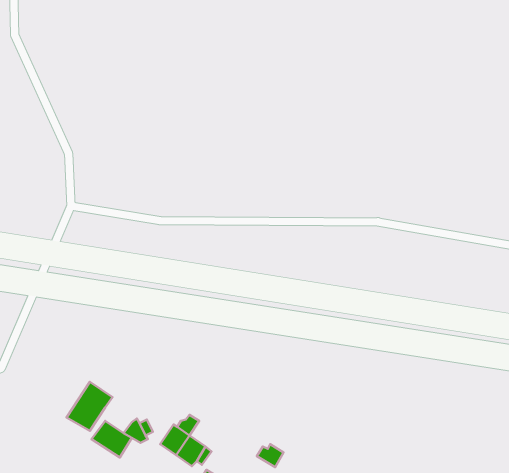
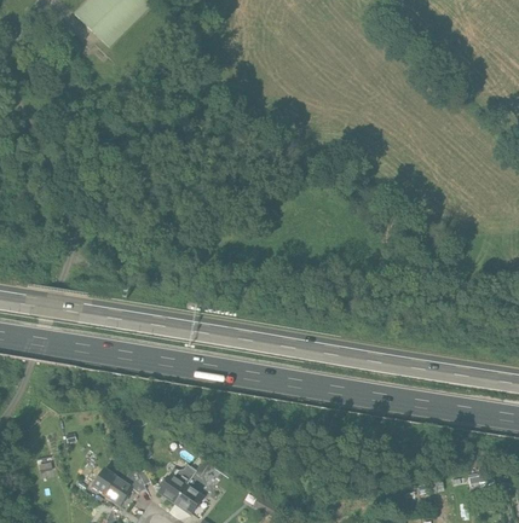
building: [66,382,112,431] -> none

